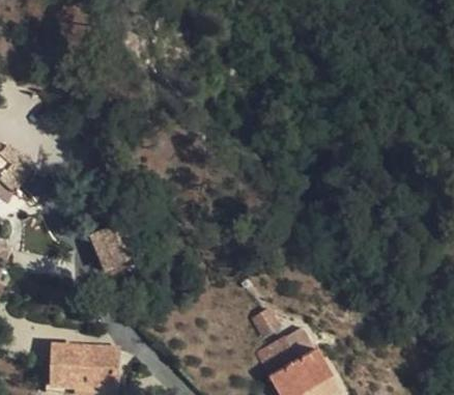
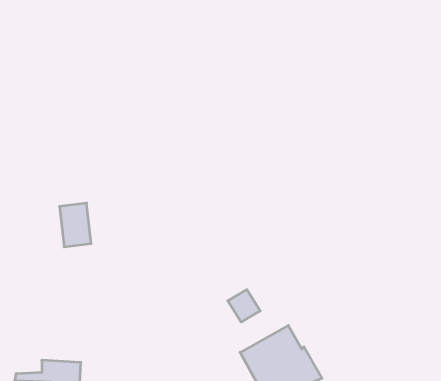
building: [51,345,113,384] -> none

